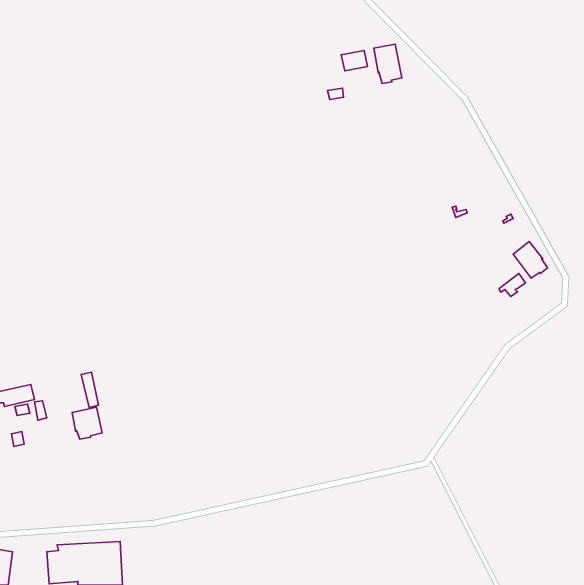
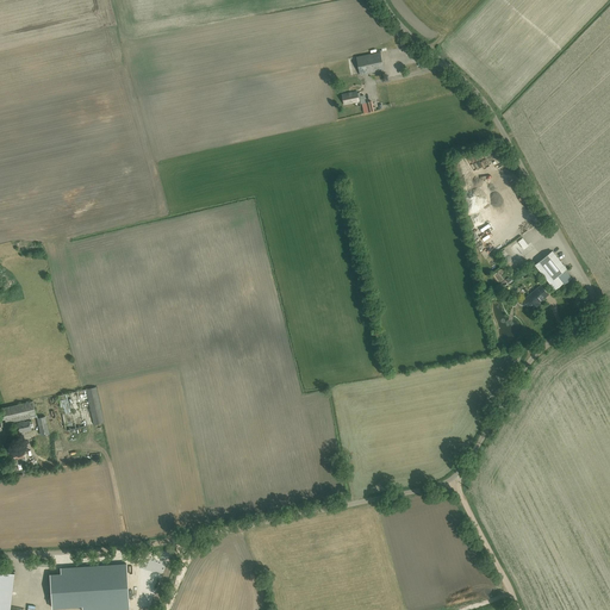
building: [374,44,402,83] -> none
building: [72,407,102,439] -> none

